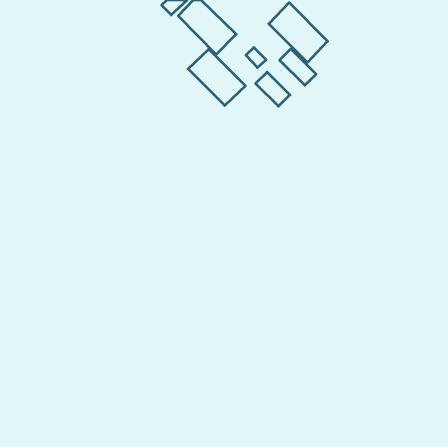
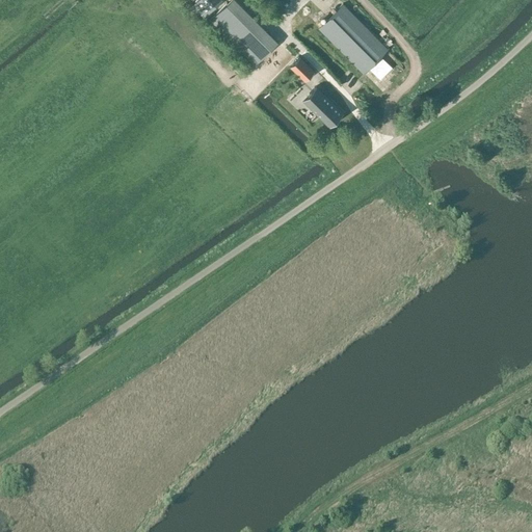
building: [280,49,316,85] -> none
building: [188,49,245,106] -> none

